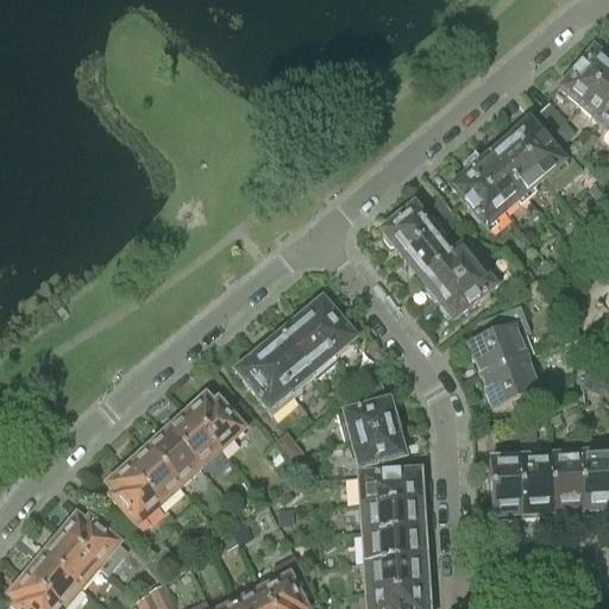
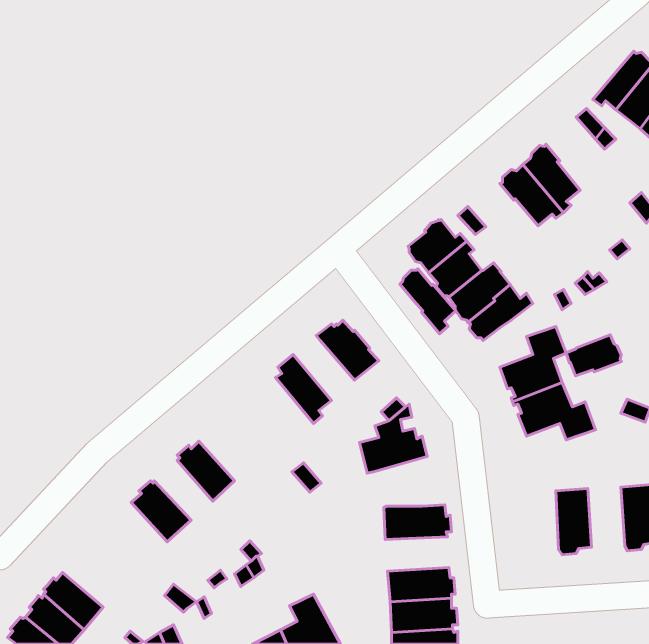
building: [511,120,569,177] -> none
building: [452,171,504,232] -> [400,269,456,334]
building: none -> [566,335,621,376]
building: [276,318,333,373] -> none
building: [237,347,295,413] -> none
building: [188,395,244,448] -> none
building: [351,426,407,472] -> none
building: [146,429,201,485] -> none
building: [551,454,585,515] -> none
building: [489,458,523,519] -> none
building: [108,466,158,525] -> none
building: [362,501,426,533] -> none
building: [61,515,119,566] -> none

